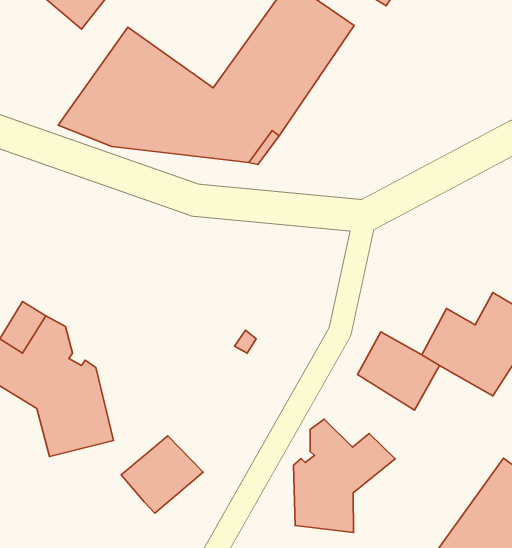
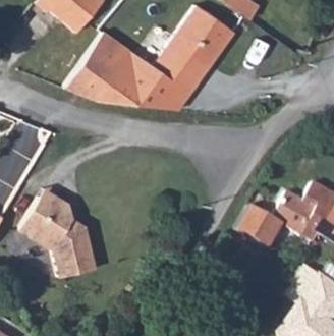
building: [294,419,395,532] -> none
building: [121,436,203,513] -> none

